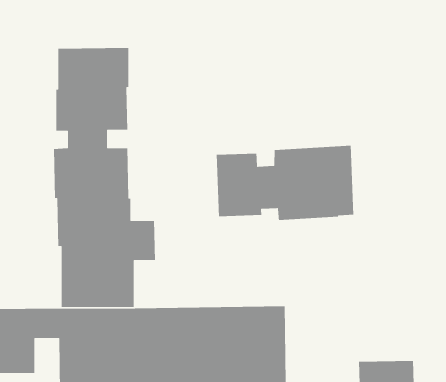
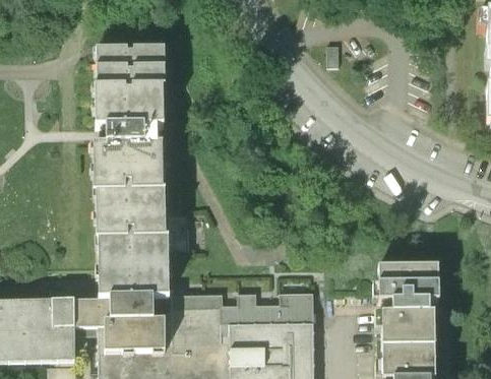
building: [216,145,354,221] -> none
building: none -> [378,268,438,348]

